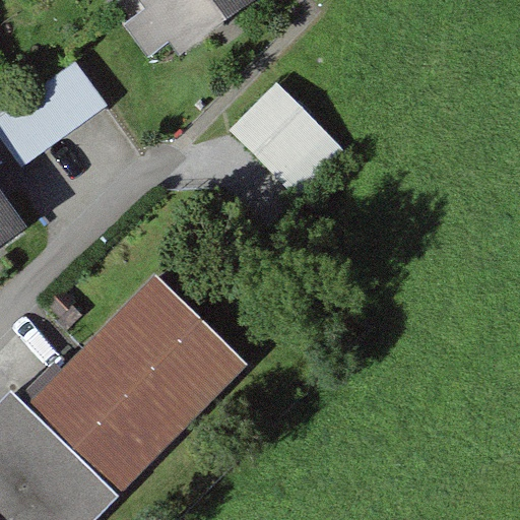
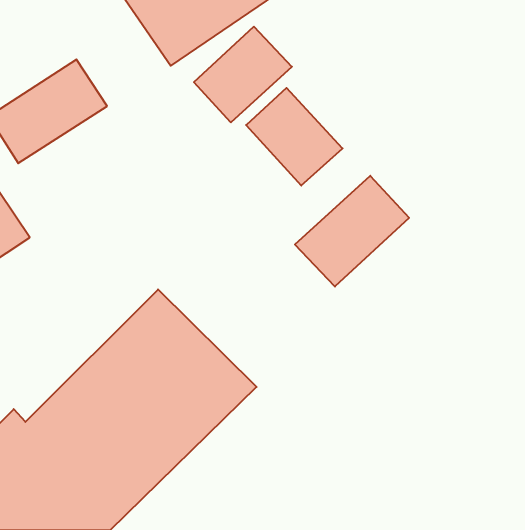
building: none -> [194,27,292,122]
building: none -> [295,176,409,287]

